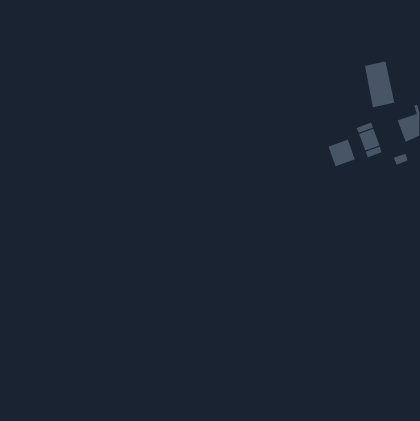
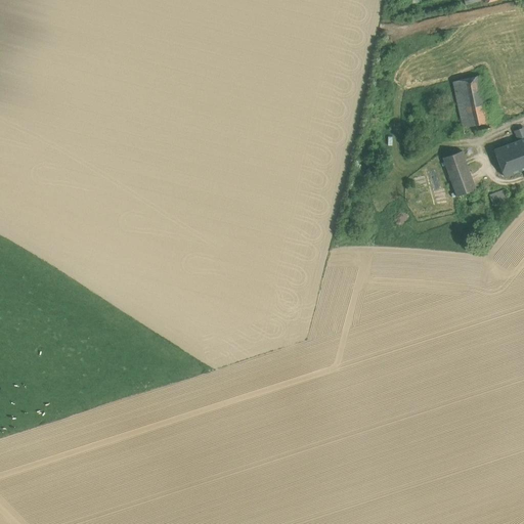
building: [328,139,356,167] -> none

